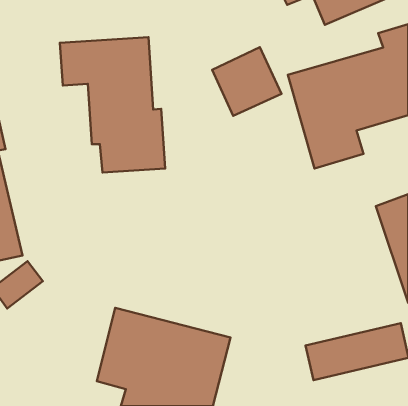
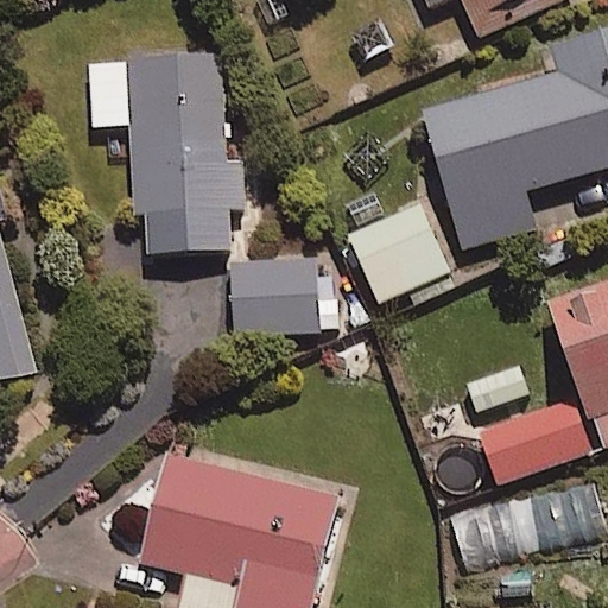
building: [212,47,282,116] -> [348,201,450,302]
building: none -> [232,260,318,331]
building: none -> [480,399,593,483]

